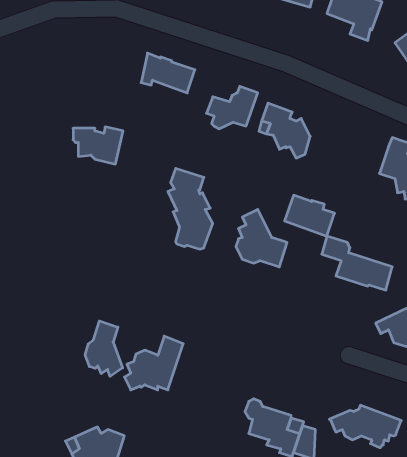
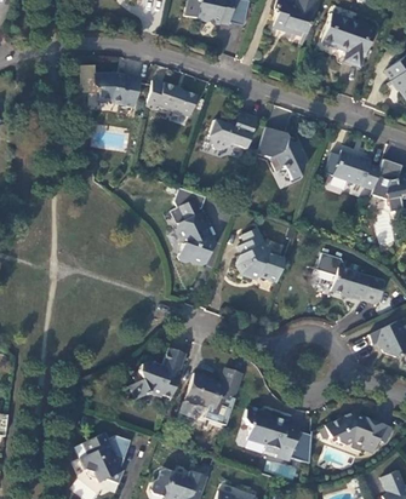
building: [73,127,123,164] -> [93,71,141,107]
building: [285,195,335,236] -> [332,150,379,189]
building: [85,321,123,376] -> none
building: none -> [184,367,242,408]

